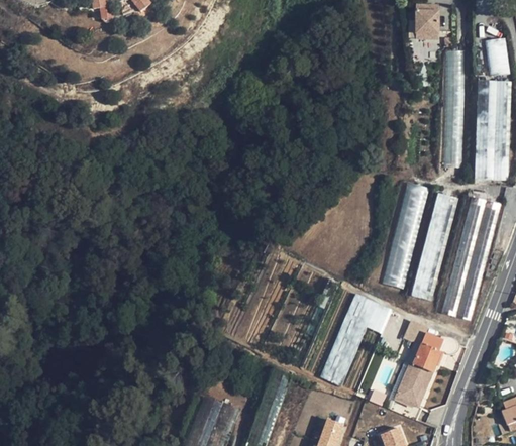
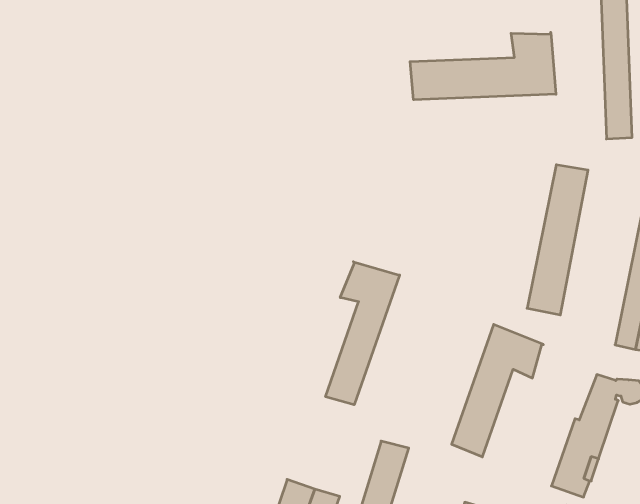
building: none -> [410,32,556,100]
building: [409,194,457,302] -> none
building: none -> [326,262,400,405]

